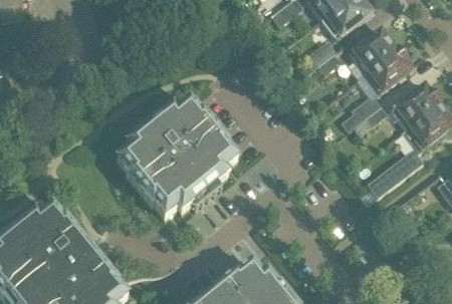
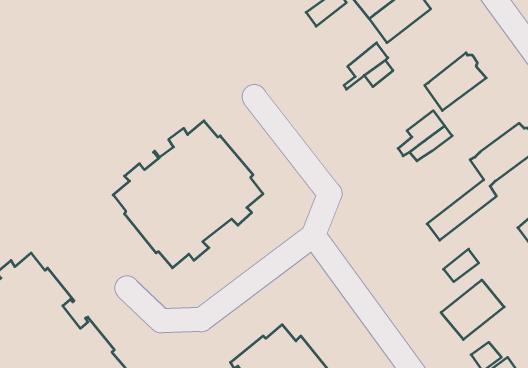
building: [348,30,399,80] -> none
building: [391,85,441,130] -> none
building: none -> [441,280,504,340]

